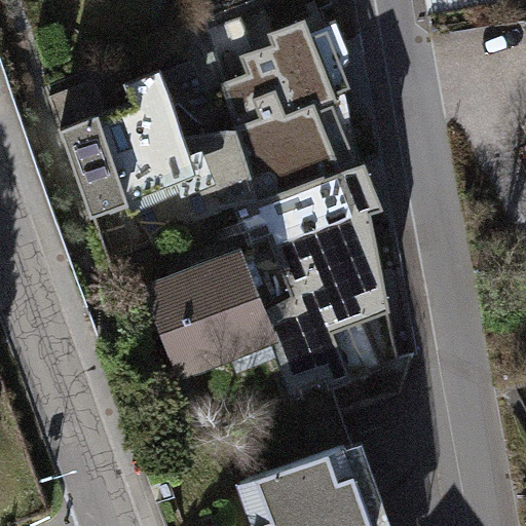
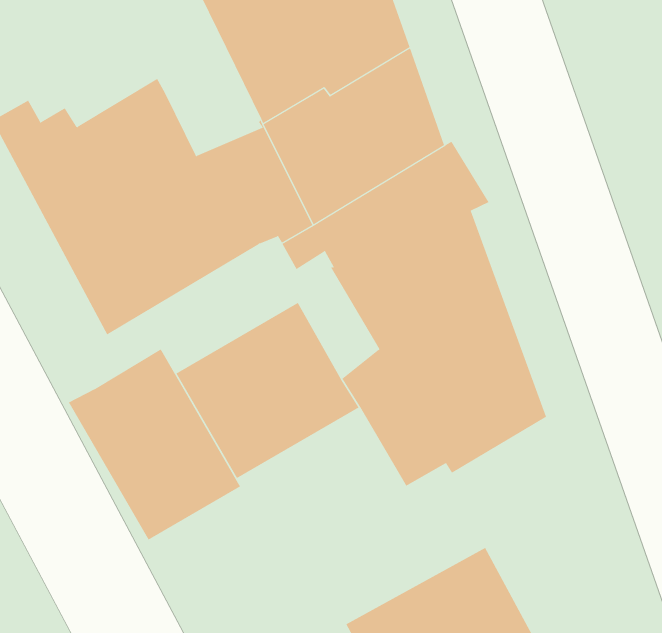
building: none -> [68,348,241,540]

